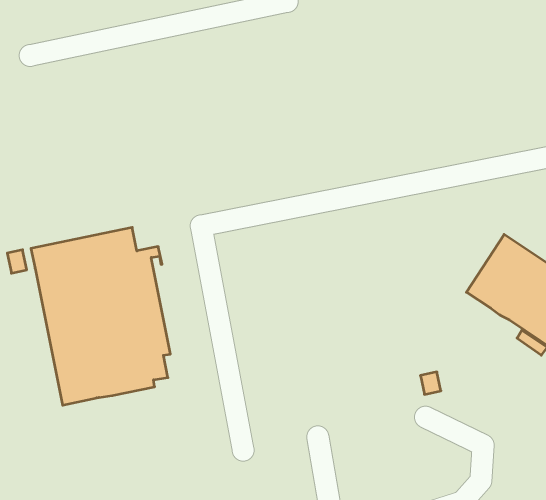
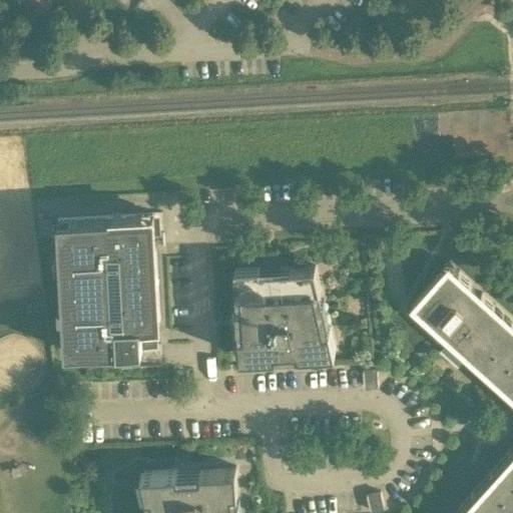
building: none -> [233,275,334,366]

